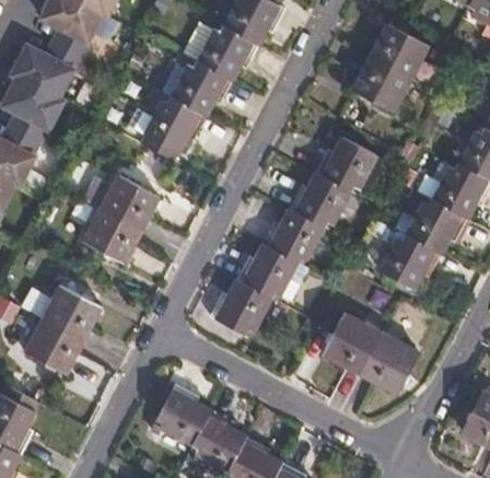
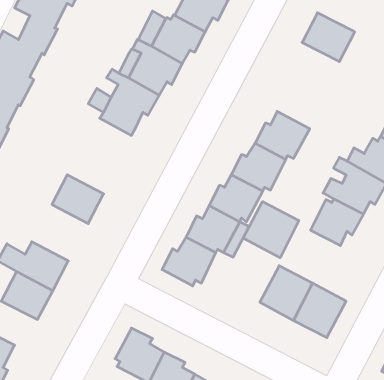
building: [351,57,411,113] -> none
building: [84,174,160,230] -> none
building: none -> [243,202,299,258]

